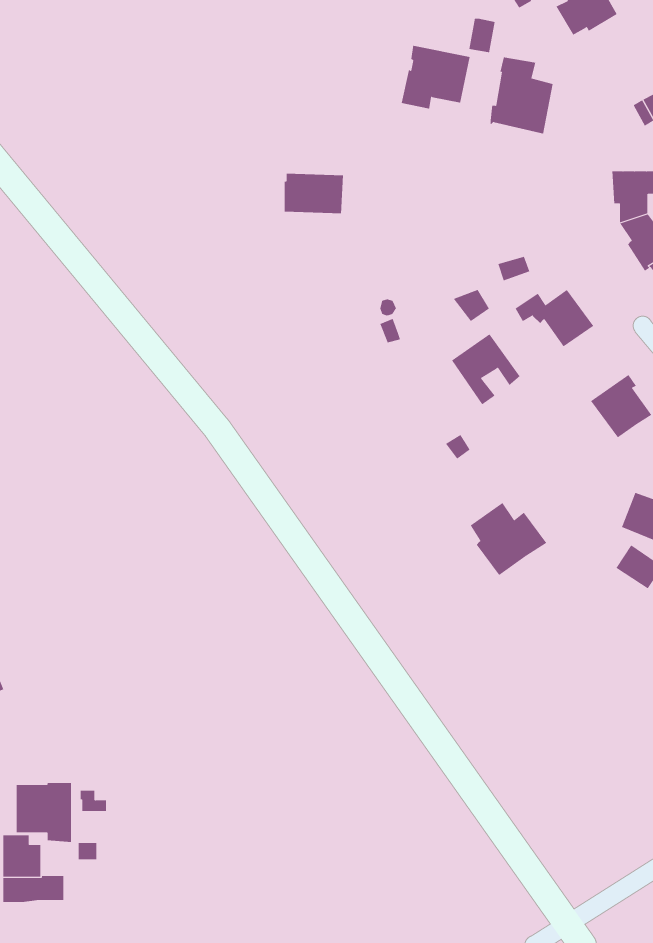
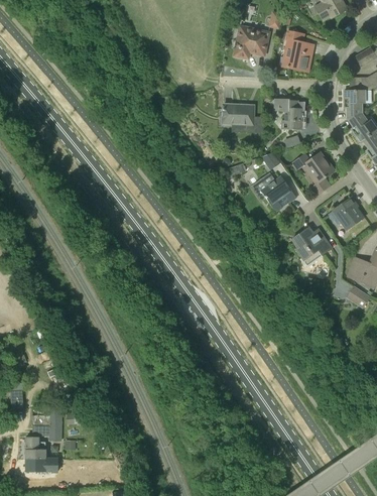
building: [284,173,344,214] -> [223,105,254,126]
building: none -> [274,99,305,130]
building: [470,502,547,576] -> [292,227,333,265]

